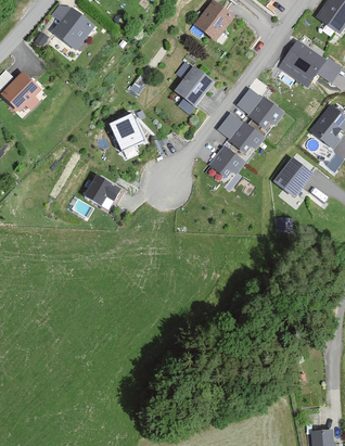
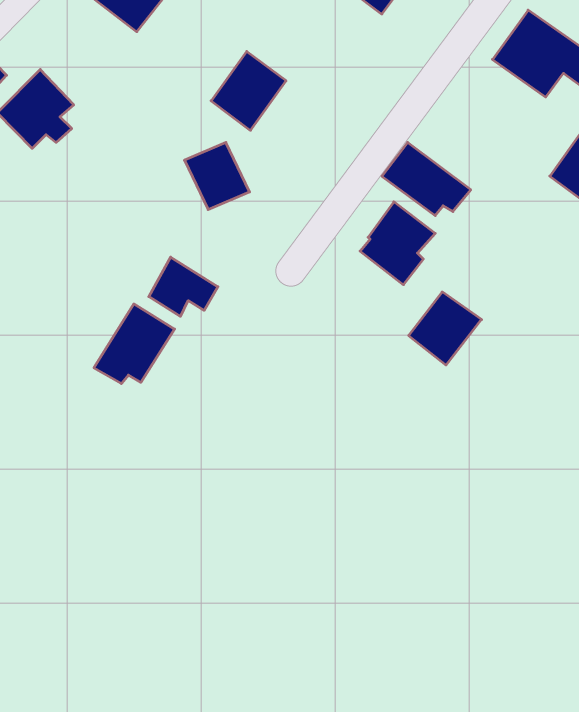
building: [172,64,214,107] -> [211,51,286,130]
building: [235,87,284,126] -> none
building: [273,156,314,196] -> [409,292,482,365]
building: none -> [94,304,175,384]

